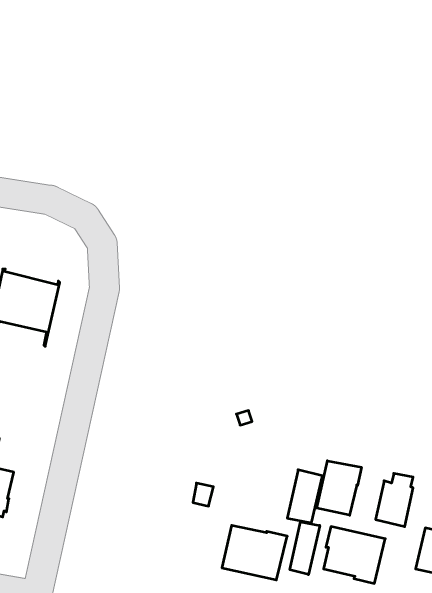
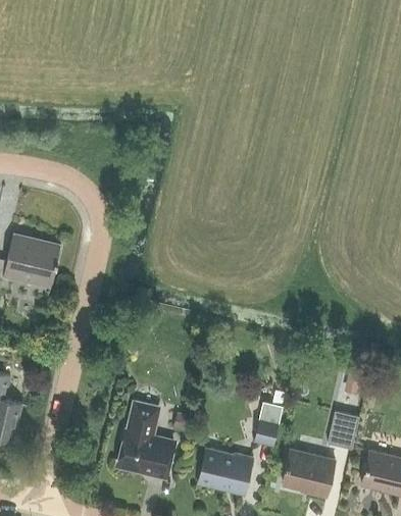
building: [317,461,361,515] -> none
building: none -> [113,400,176,480]
building: [290,522,320,575] -> none

